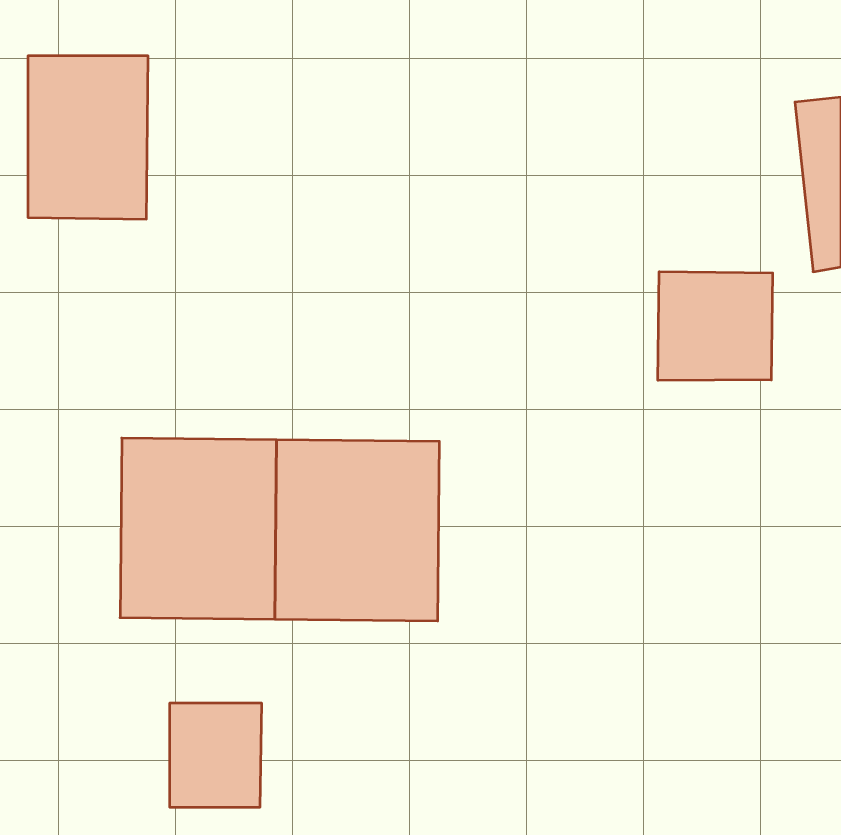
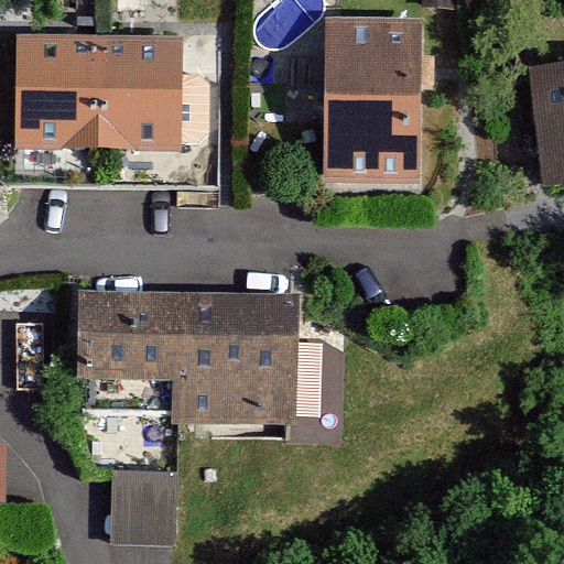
building: none -> [327,18,419,180]
building: none -> [98,37,178,147]
building: [658,272,773,380] -> none

